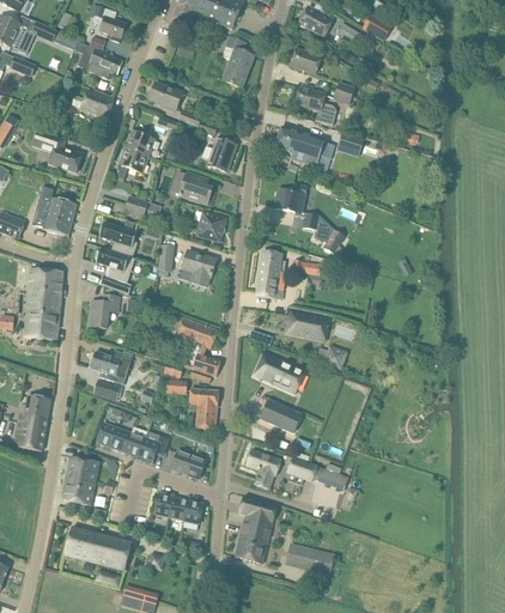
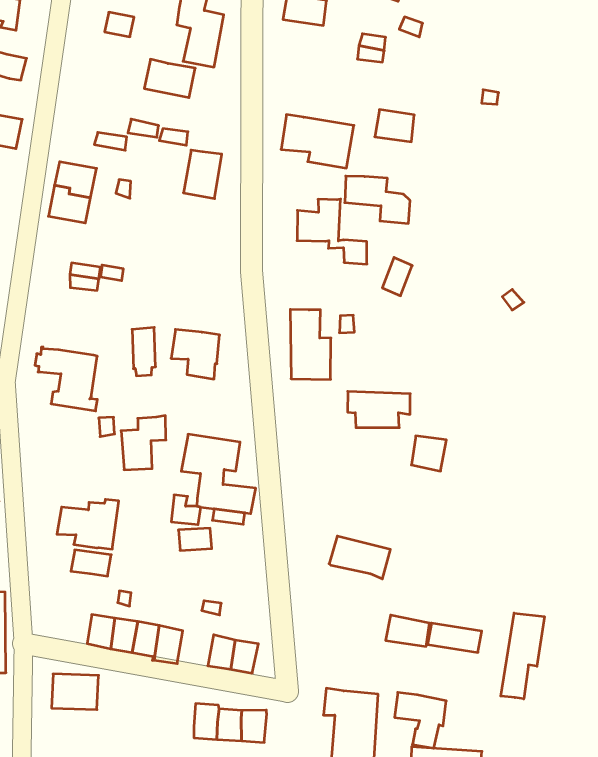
building: [148,81,183,110] -> [144,59,195,98]
building: [296,87,337,125] -> [345,176,410,223]
building: [180,172,212,204] -> none
building: [193,212,226,241] -> none
building: [99,221,139,257] -> none
building: [89,295,121,328] -> [121,416,166,470]
building: [255,352,306,393] -> none
building: [189,387,219,430] -> none
building: [247,449,281,488] -> [395,692,446,748]
building: none -> [501,613,544,699]
building: [62,478,96,505] -> none

